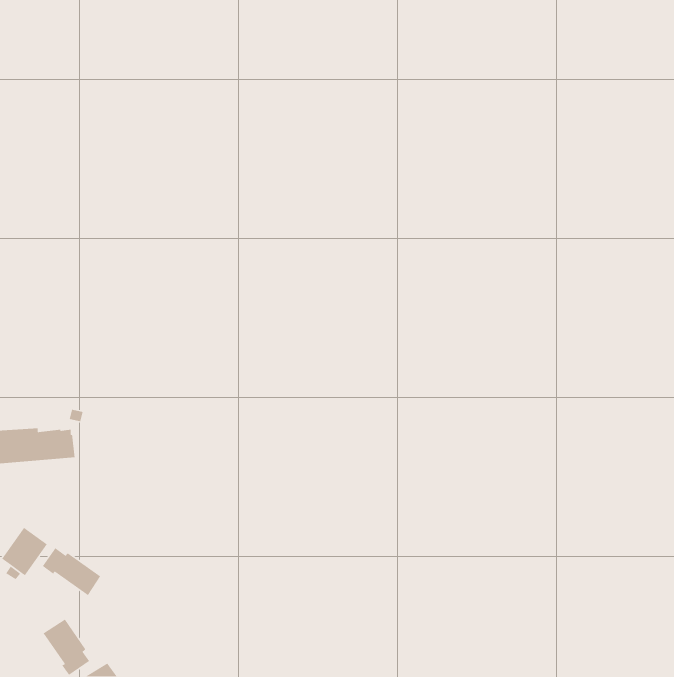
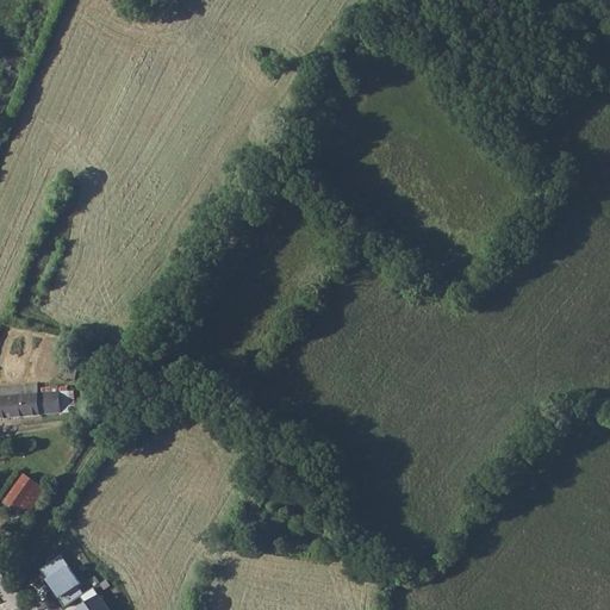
building: [42,547,101,596] -> none

